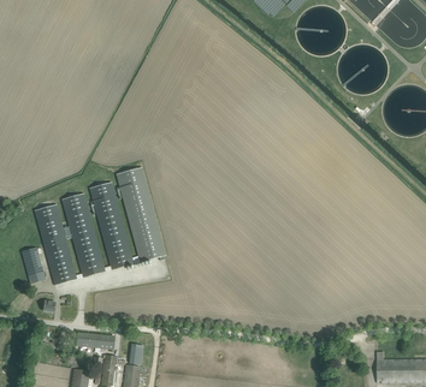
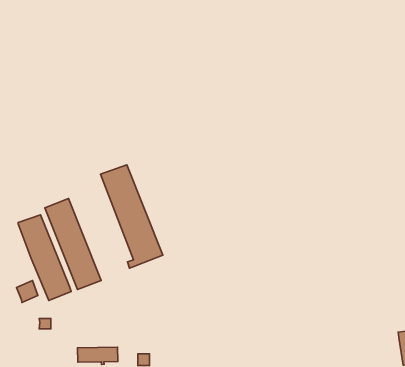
building: [90,181,134,269] -> none

